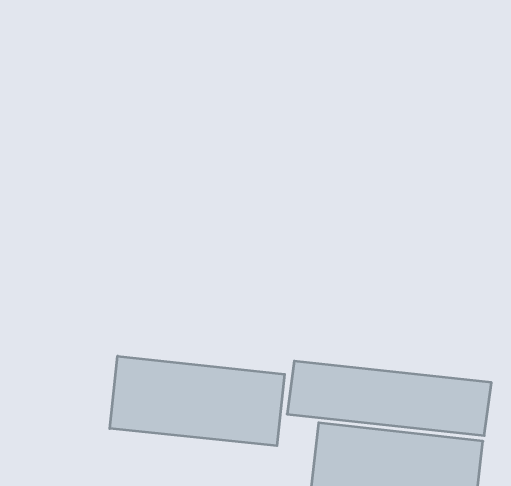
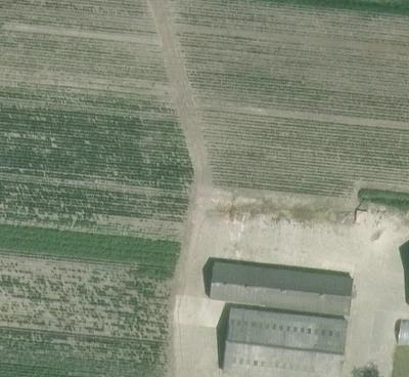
building: [110,356,285,446] -> none

